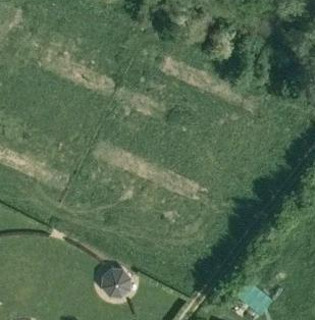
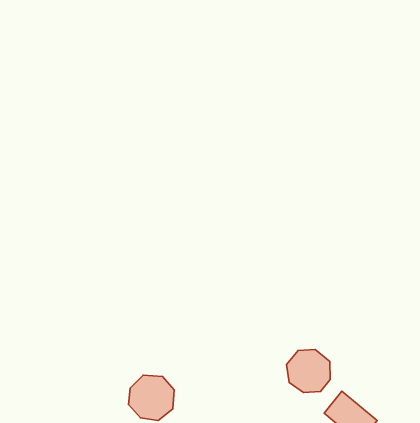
building: none -> [286,349,330,392]

